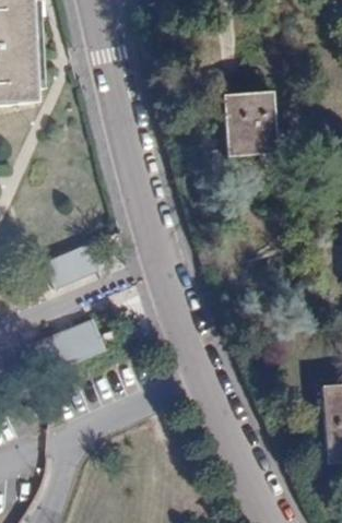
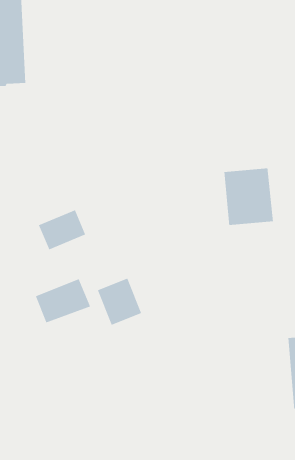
building: [226,90,282,154] -> [224,167,274,226]
building: none -> [97,278,142,326]

